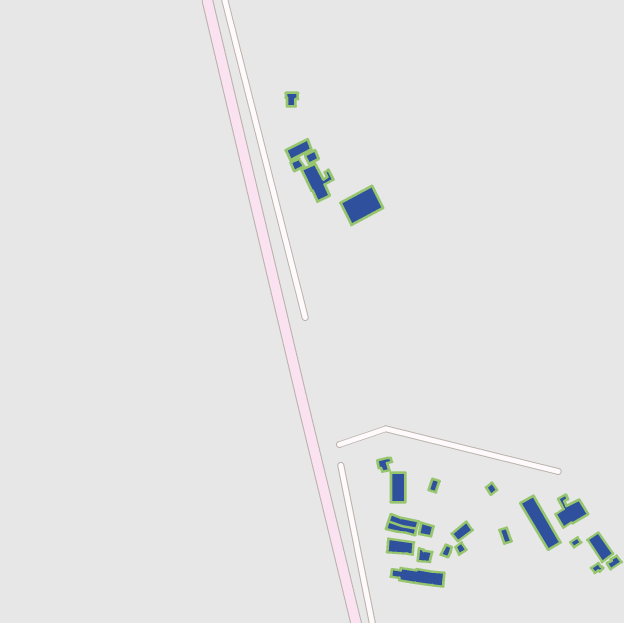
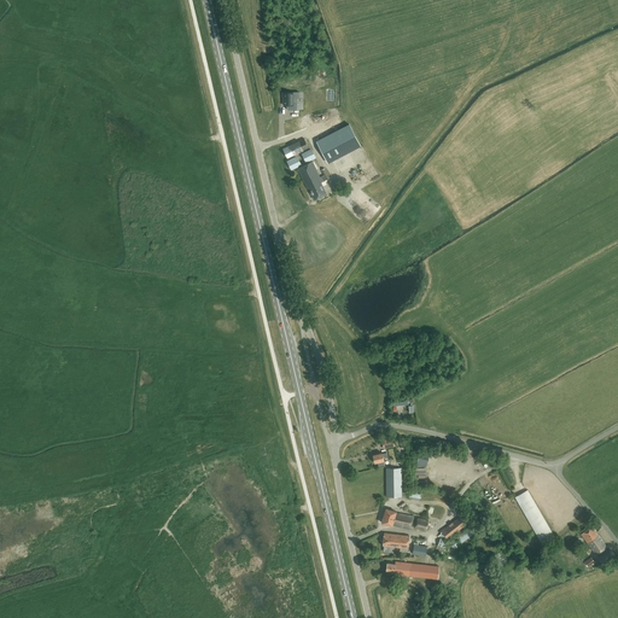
building: [340,186,383,225] -> [317,124,360,163]
building: [556,495,588,528] -> none

